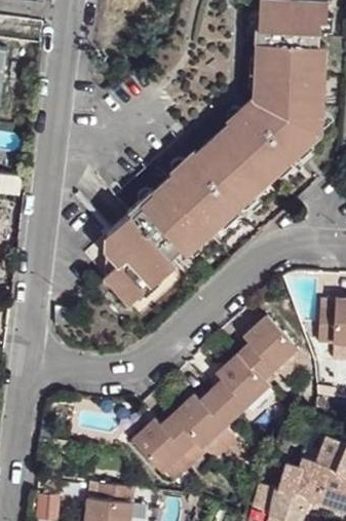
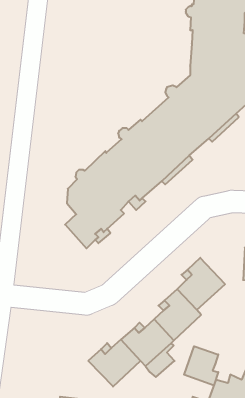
building: none -> [184,346,218,385]

